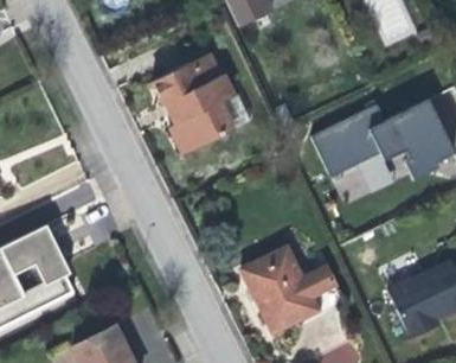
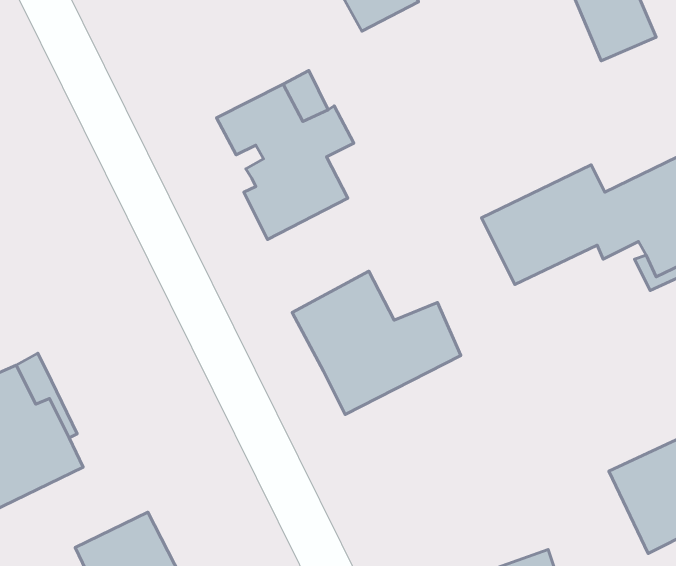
building: [245,246,347,332] -> [292,271,461,414]

